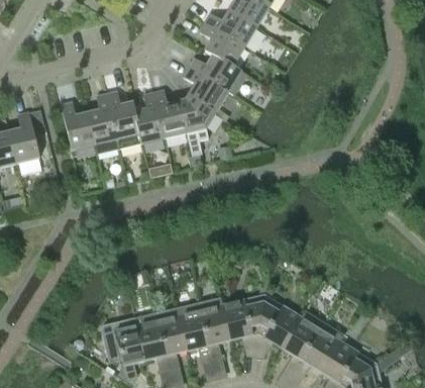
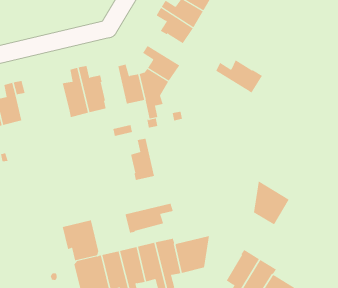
building: [189,55,245,95] -> [215,60,263,94]
building: [134,93,164,143] -> [130,138,155,181]
building: [61,102,95,151] -> none
building: none -> [125,203,173,233]
building: none -> [62,219,99,261]
building: [257,295,301,349] -> [253,180,290,225]

